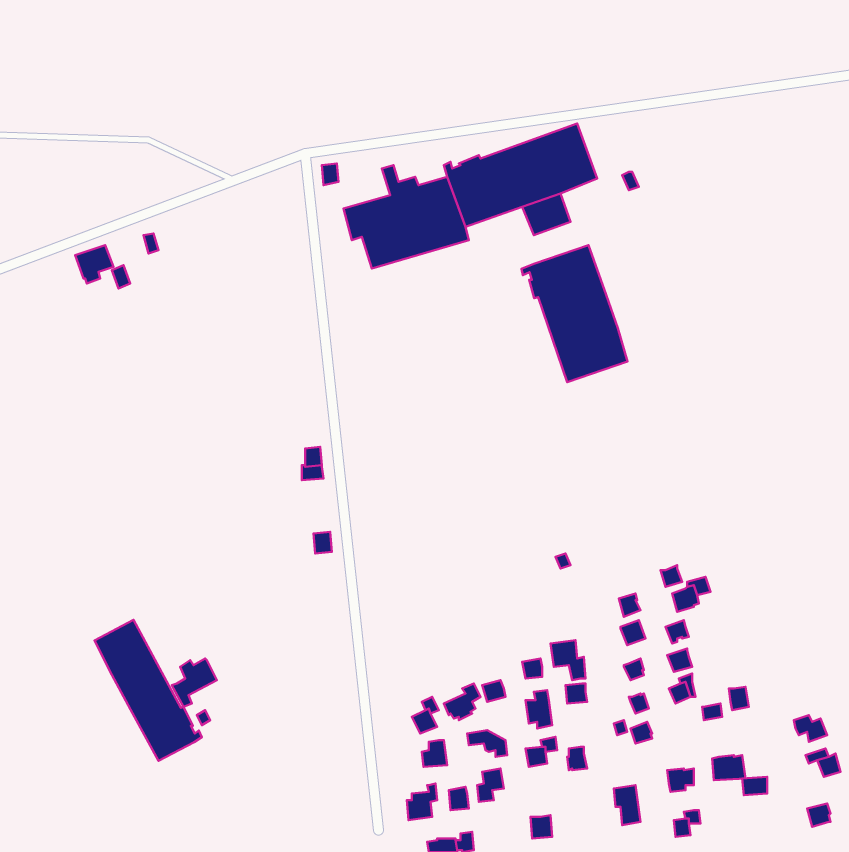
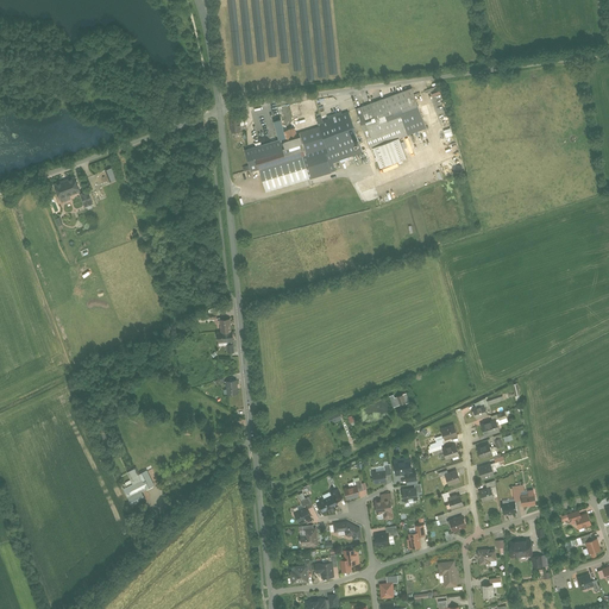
building: [521,245,627,382] -> none
building: [95,620,202,761] -> none

